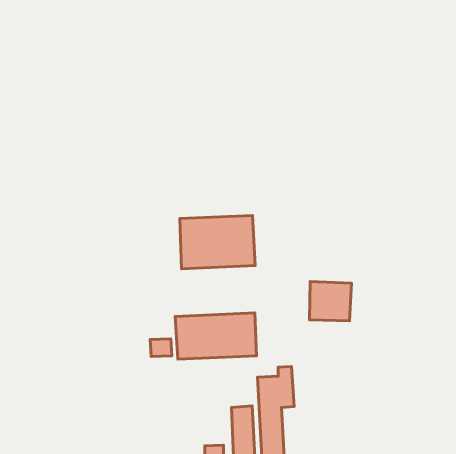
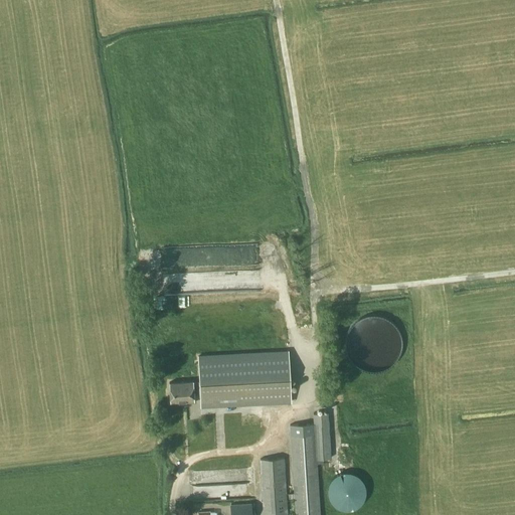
building: [180,215,255,269] -> none
building: none -> [331,474,364,509]

